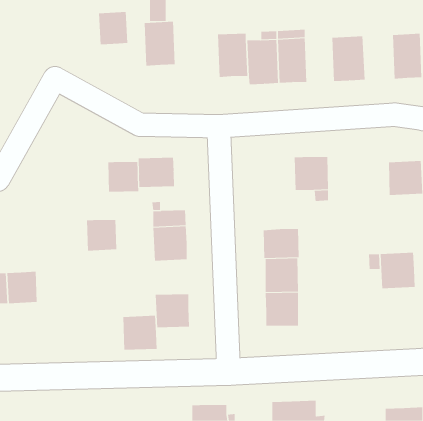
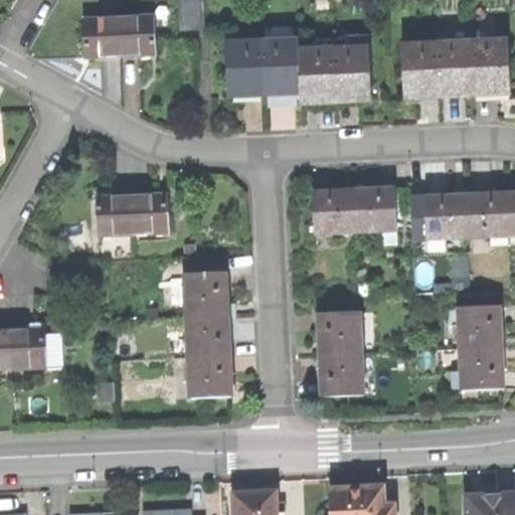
building: none -> [81,16,121,56]
building: [144,21,176,66] -> [226,41,265,96]
building: none -> [439,42,476,97]
building: [138,157,174,188] -> none
building: none -> [314,190,356,232]
building: none -> [425,196,470,238]
building: [86,219,117,251] -> [94,196,131,234]
building: [263,228,299,259] -> none
building: none -> [461,347,503,389]
building: [123,315,158,350] -> [186,314,228,356]

